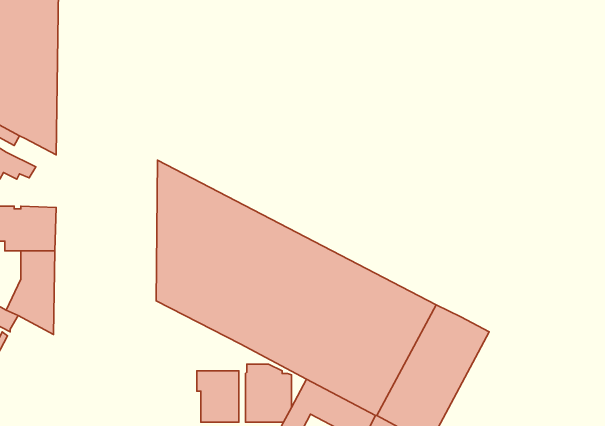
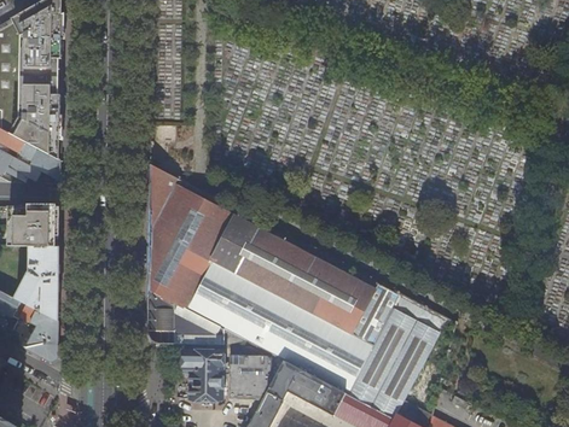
building: none -> [13,146,58,181]
building: none -> [146,291,222,345]
building: none -> [17,304,63,363]

